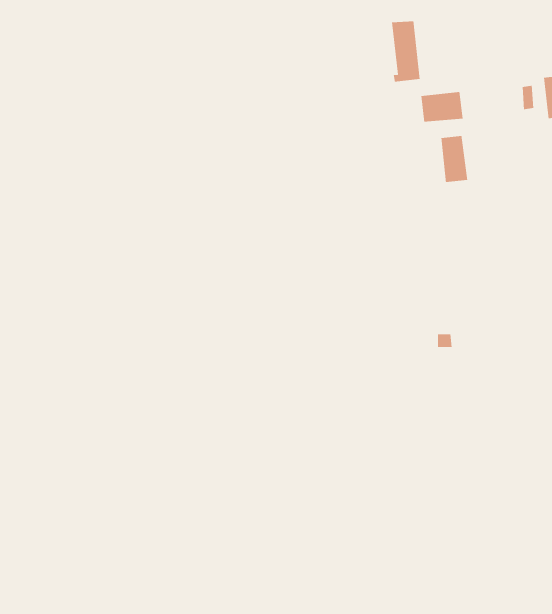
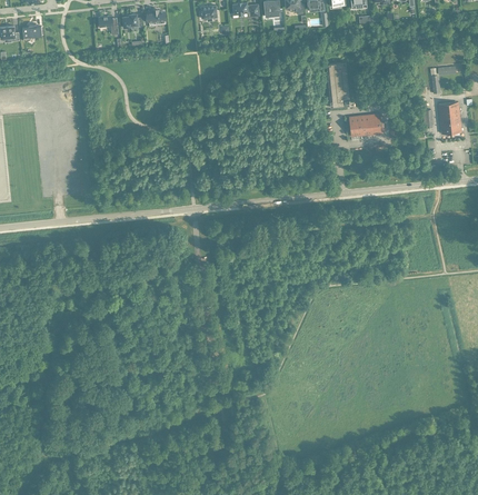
building: [441,135,468,183] -> none

